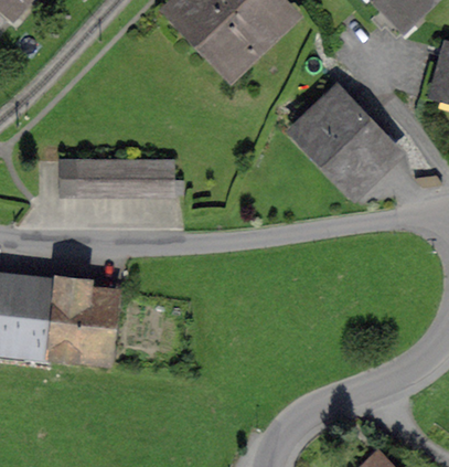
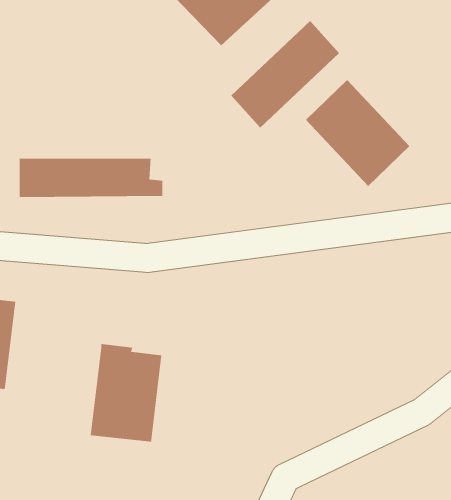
building: none -> [230,20,340,129]
building: [49,278,109,361] -> [90,343,162,442]

